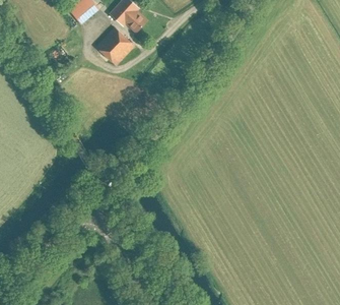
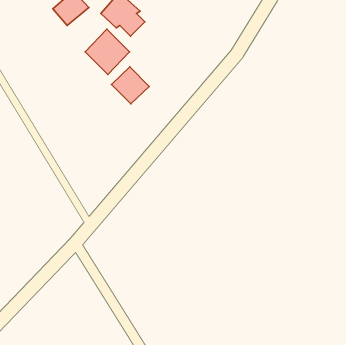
building: none -> [111,67,149,104]

